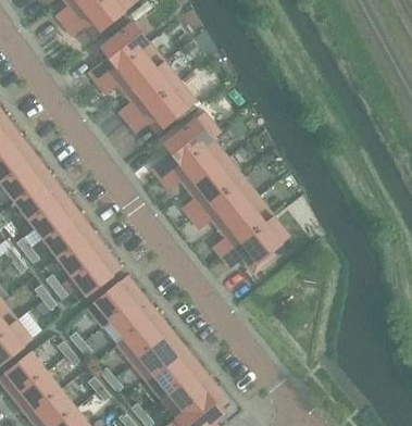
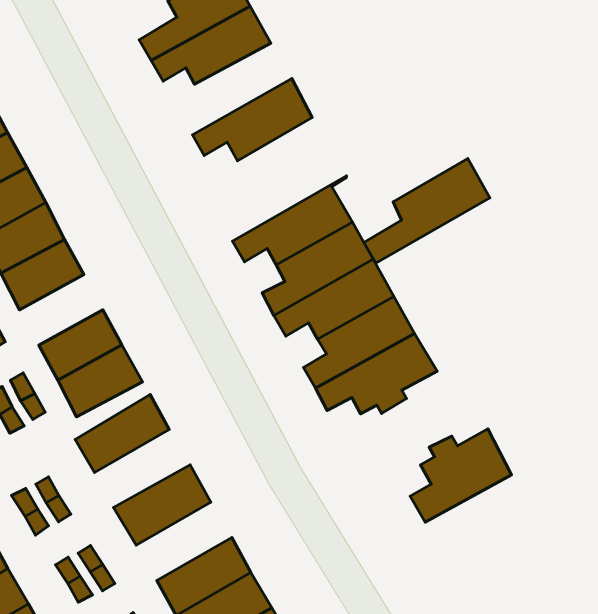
building: [118,62,179,122] -> none
building: [151,111,220,179] -> [364,159,490,263]
building: [43,212,91,256] -> none
building: none -> [410,429,511,522]
building: [101,293,155,343] -> none
building: [132,331,186,381] -> none

